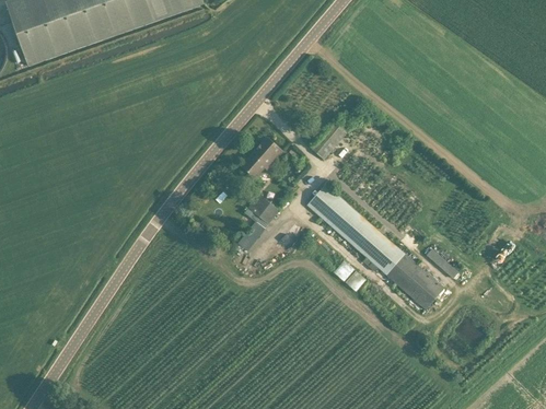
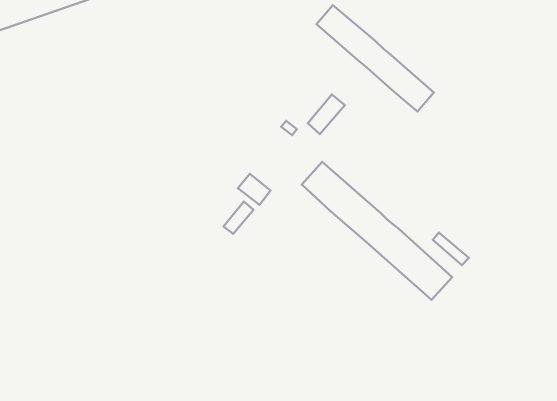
building: none -> [317,5,434,112]
building: [241,136,281,176] -> none

